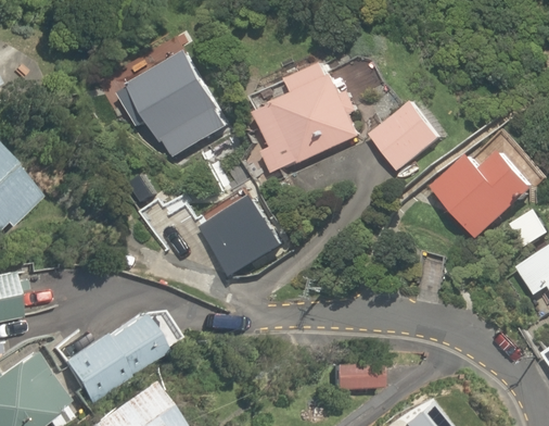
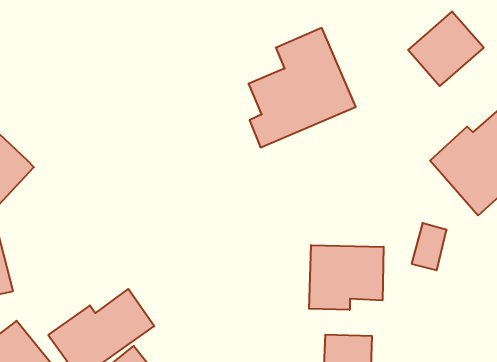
building: [123,46,230,160] -> none
building: [365,99,439,173] -> [408,11,484,86]
building: [202,197,284,278] -> none
building: none -> [309,245,384,310]

